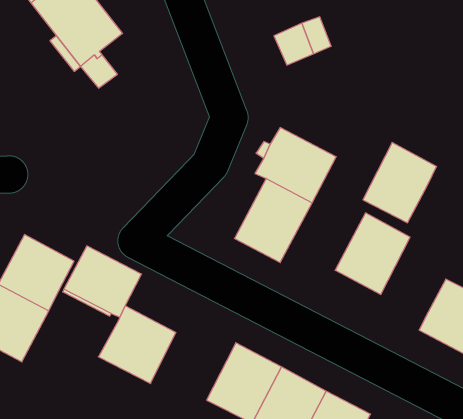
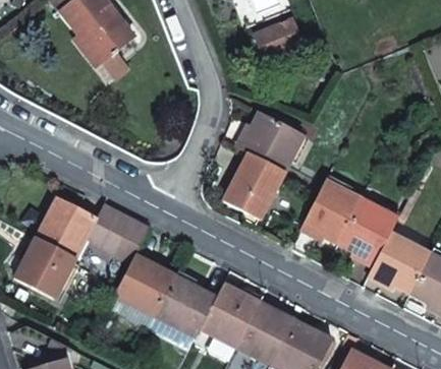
building: [363,142,437,223] -> [340,198,399,262]
building: none -> [156,274,217,336]

